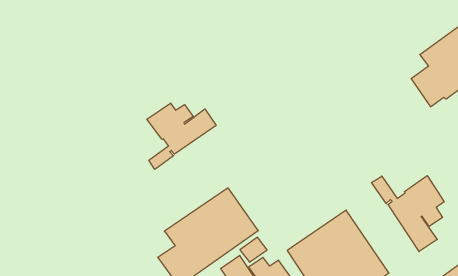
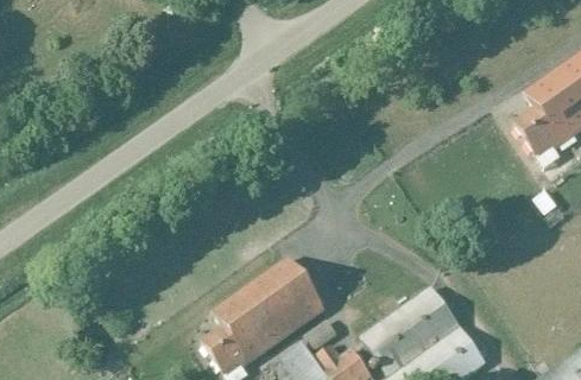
building: [147,103,216,169] -> none
building: [371,176,444,252] -> none

